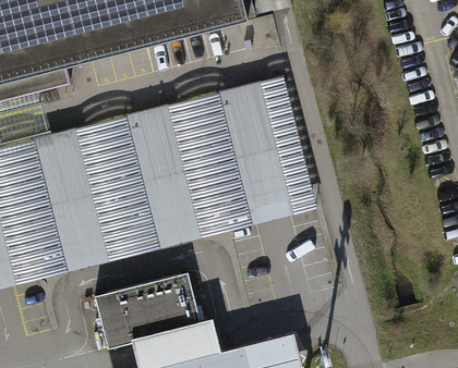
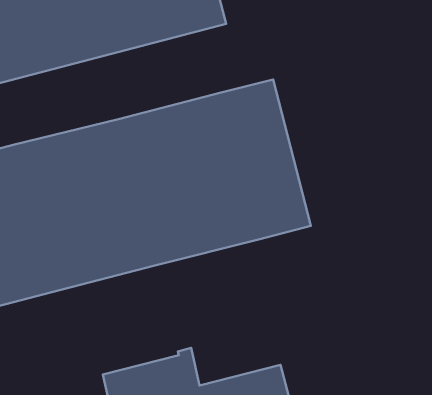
building: [95,270,202,347] -> none

